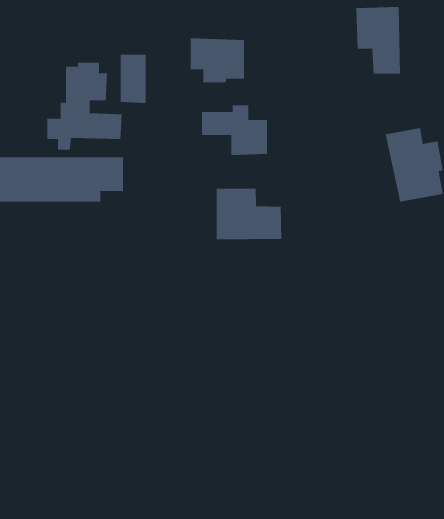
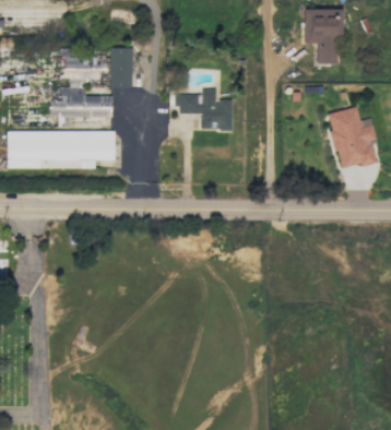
building: [190,38,245,83] -> none
building: [216,188,282,240] -> none

